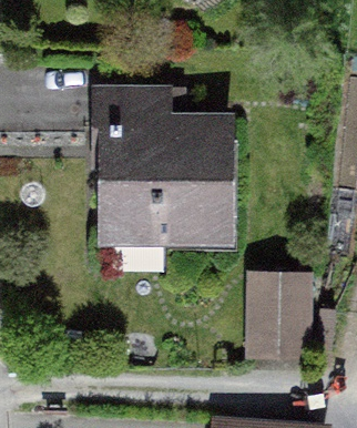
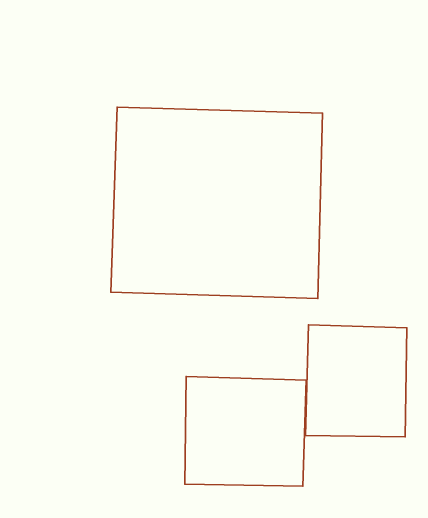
building: none -> [185,376,306,486]

